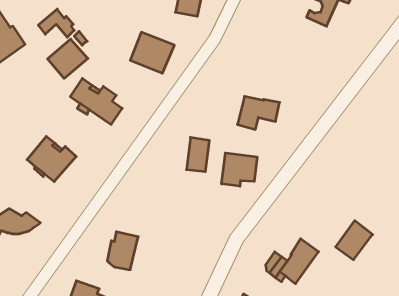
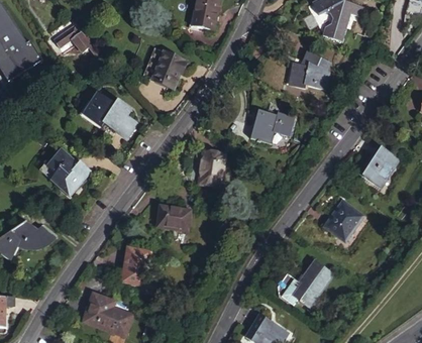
building: none -> [292,52,332,90]
building: [48,39,88,78] -> none
building: none -> [365,141,403,185]
building: [222,153,257,186] -> none
building: none -> [161,207,193,233]
building: [336,221,373,260] -> [328,198,365,237]

